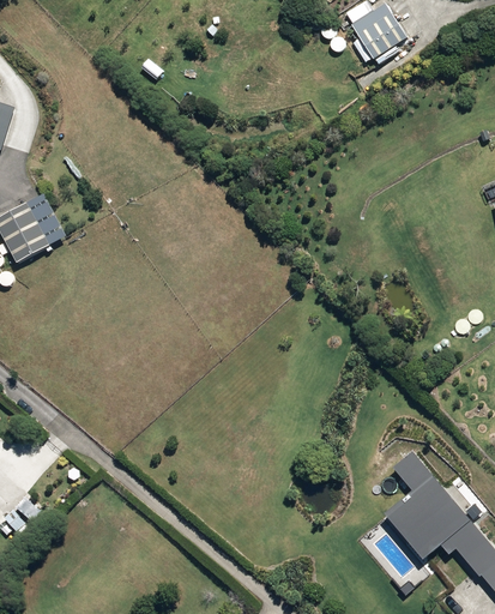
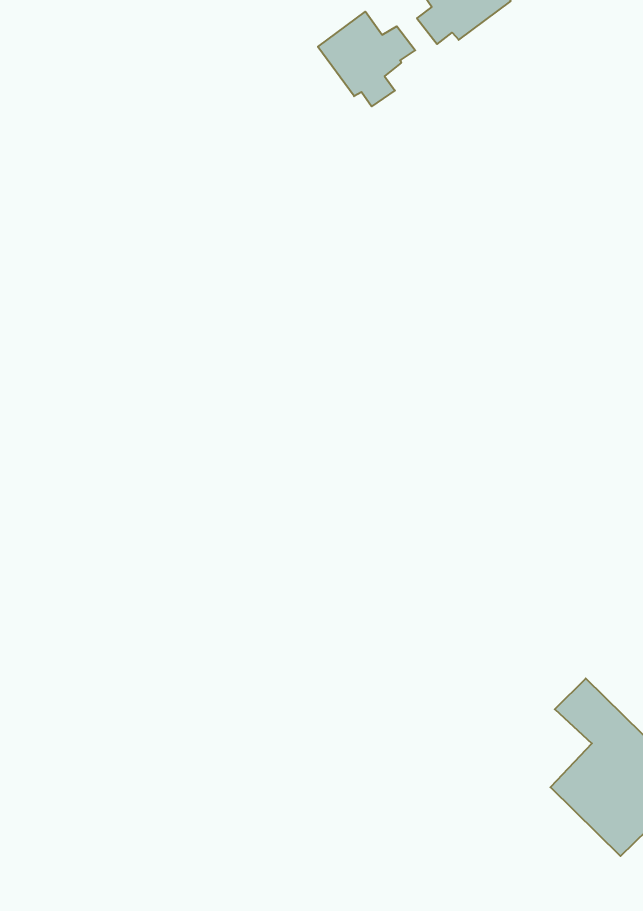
building: none -> [318,12,415,106]

